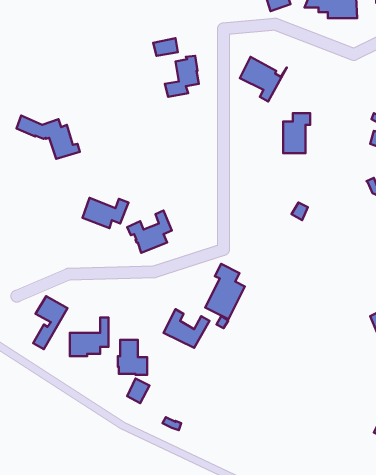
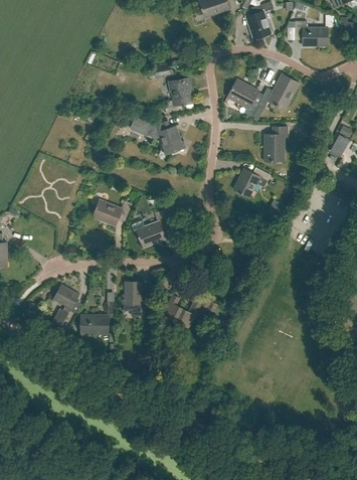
building: none -> [251,73,299,117]
building: [16,116,80,159] -> [132,117,186,154]
building: none -> [233,167,271,197]
building: [205,264,245,319] -> none
building: [118,340,147,375] -> [123,281,148,311]

